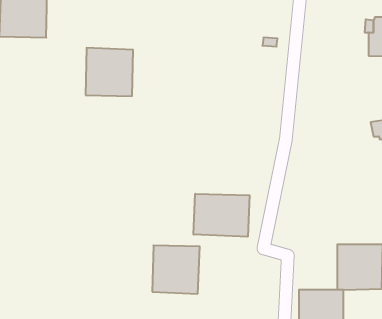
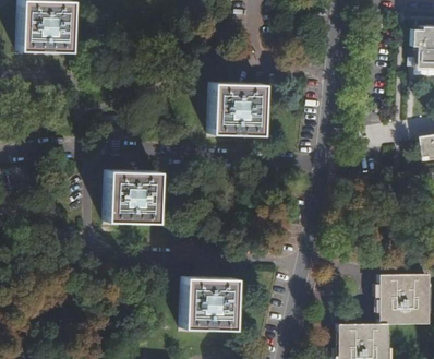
building: [86,48,133,96] -> [212,82,263,134]
building: none -> [107,169,157,220]
building: [194,194,250,237] -> none

